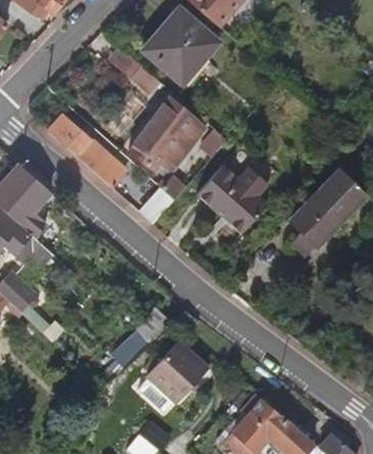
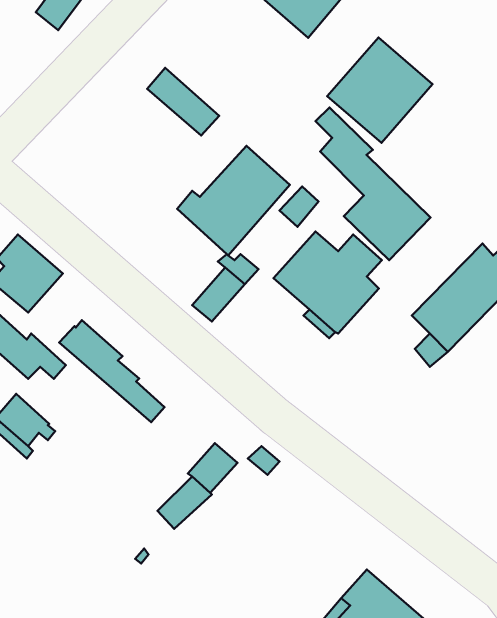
building: [146,12,218,85] -> [327,38,433,143]
building: none -> [316,107,430,260]
building: [46,116,119,186] -> [59,320,165,422]
building: [147,338,209,400] -> none

